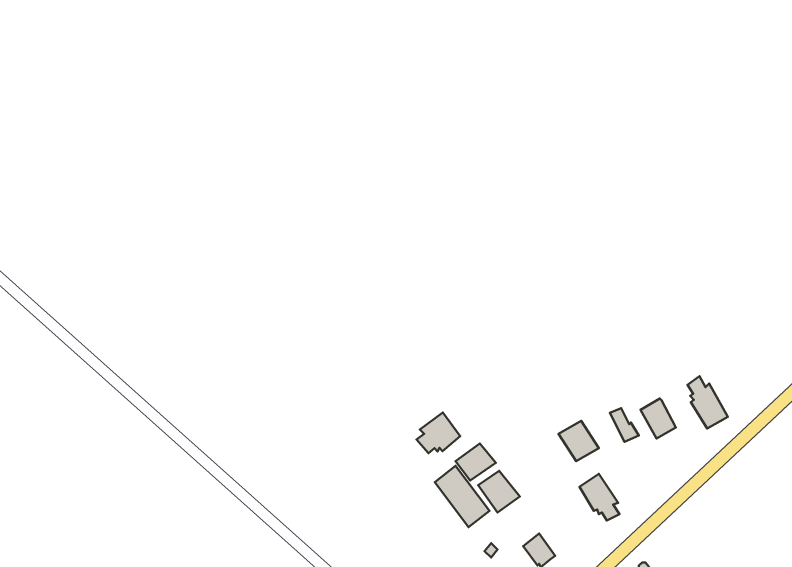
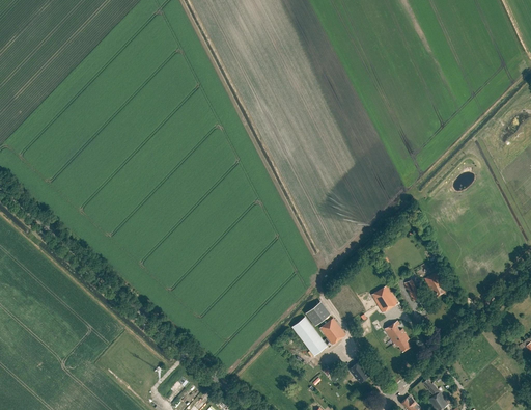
building: [688,376,728,428] -> none
building: [417,412,460,453] -> none

